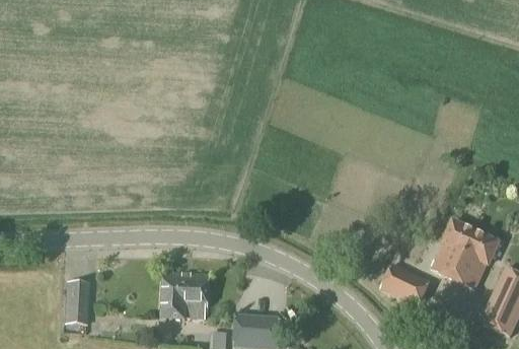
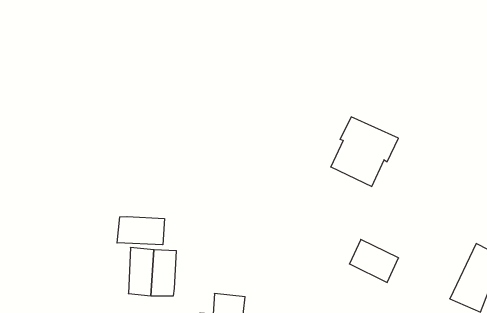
building: [433,218,500,287] -> [331,117,398,186]
building: none -> [117,217,164,245]
building: [65,281,88,322] -> none

